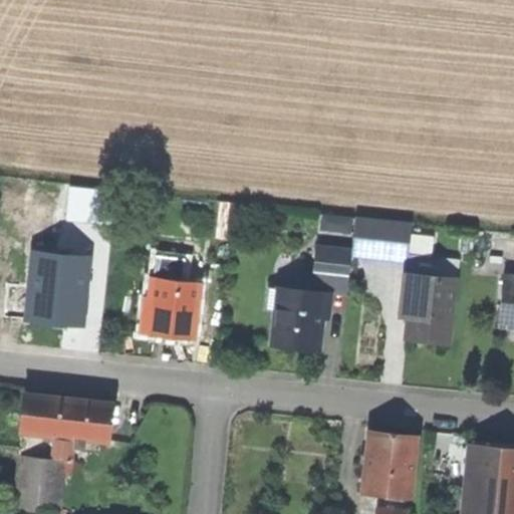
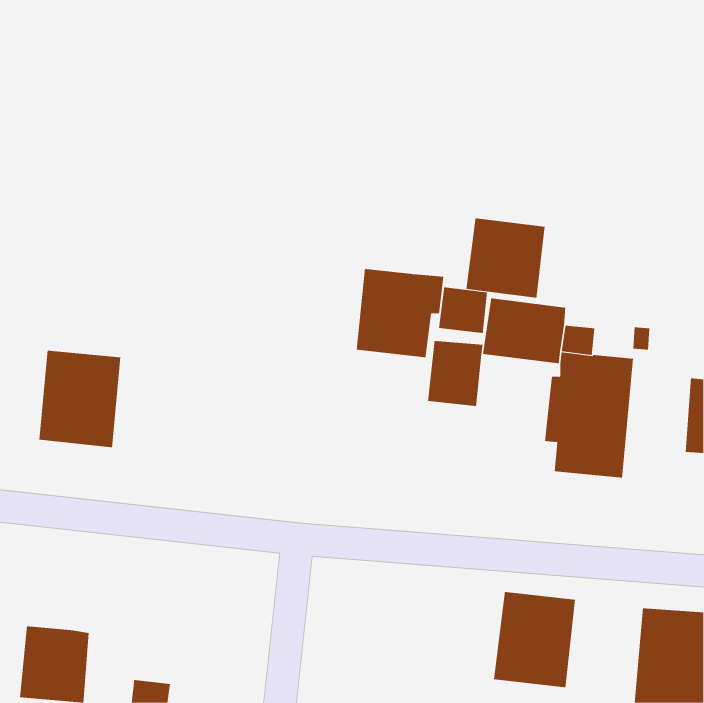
building: none -> [466,218,545,298]
building: [139,258,202,340] -> none
building: [269,288,333,353] -> [356,268,444,358]
building: [21,394,113,461] -> none

